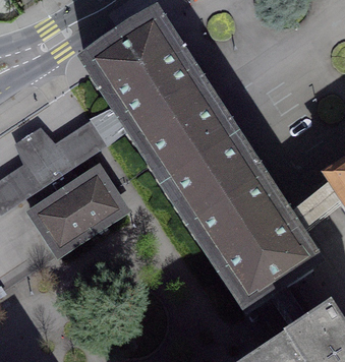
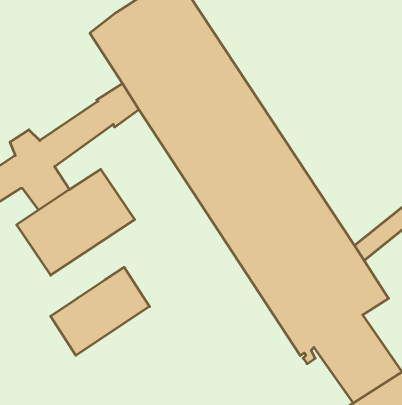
building: none -> [51,267,150,355]

